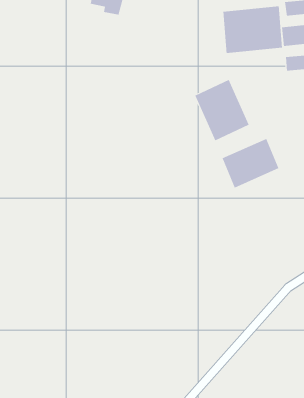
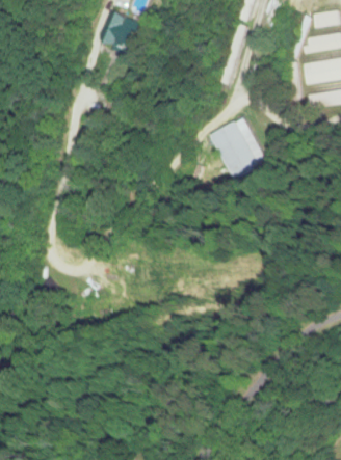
building: [223,5,282,54] -> none
building: [222,138,279,188] -> none

